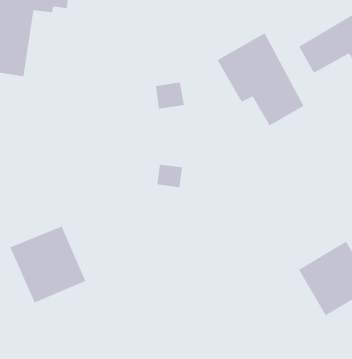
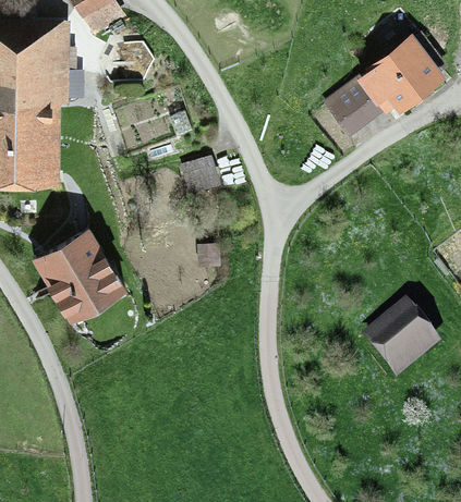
building: [217,32,304,126] -> none
building: [9,226,86,303] -> [36,231,121,316]

